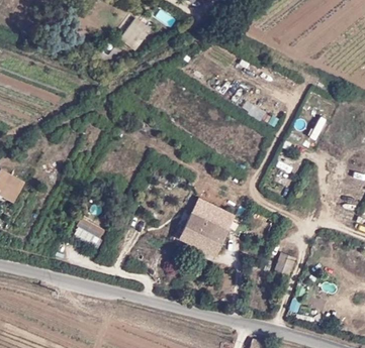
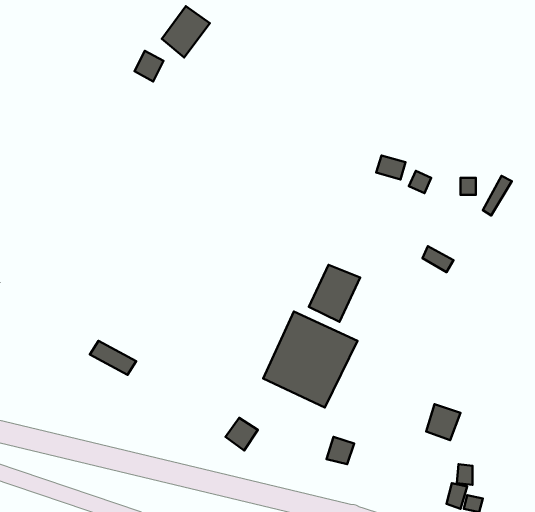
building: none -> [309,265,360,322]

